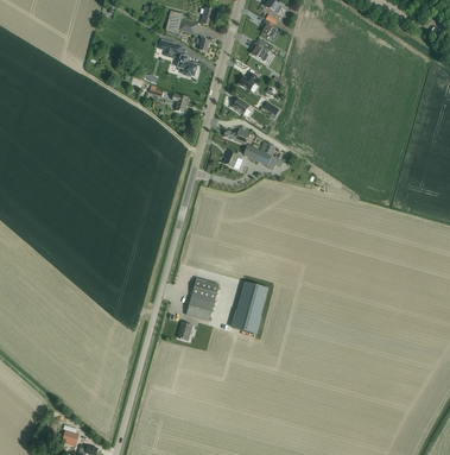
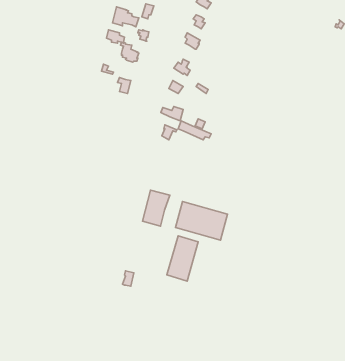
building: none -> [176,201,227,240]
building: [186,278,218,321] -> [143,190,170,226]

